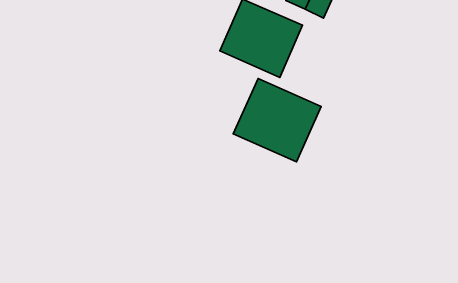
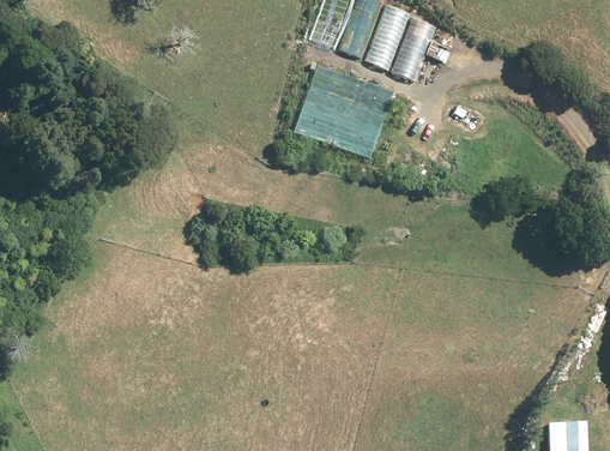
building: [233,79,321,162] -> none

